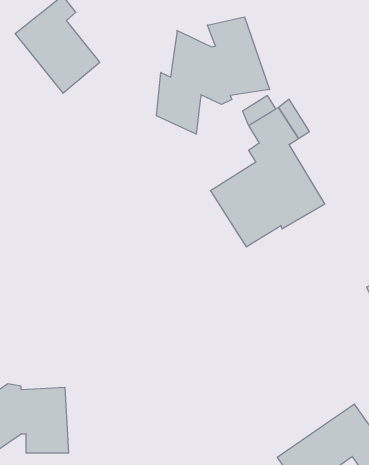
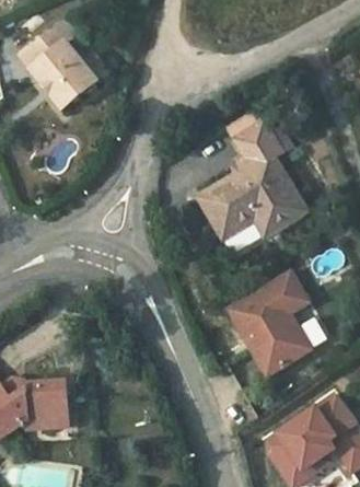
building: [157,17,269,134] -> none
building: none -> [227,270,329,375]

